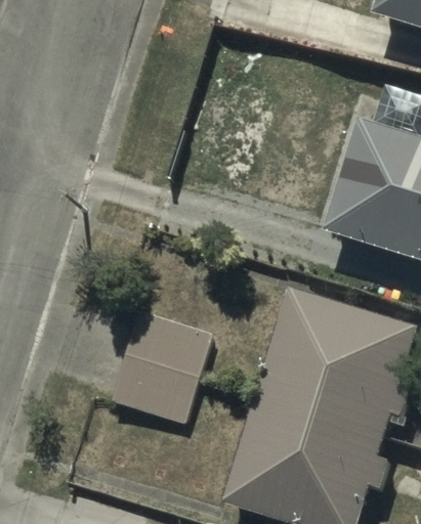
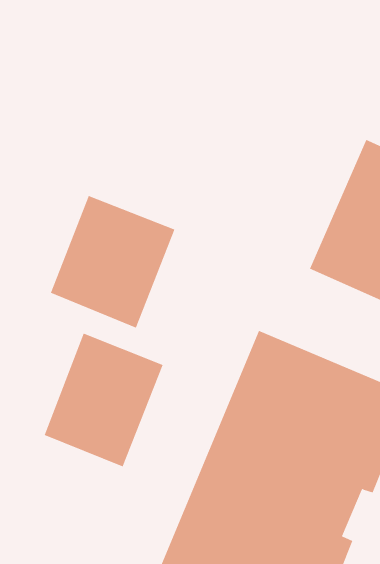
building: none -> [50,195,175,328]

